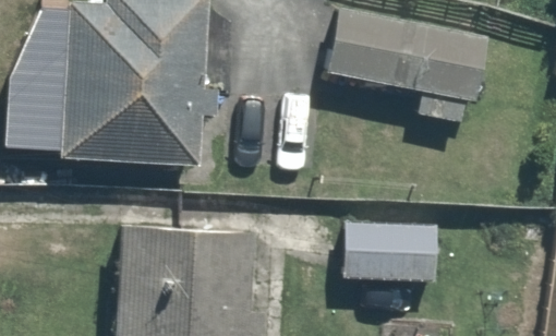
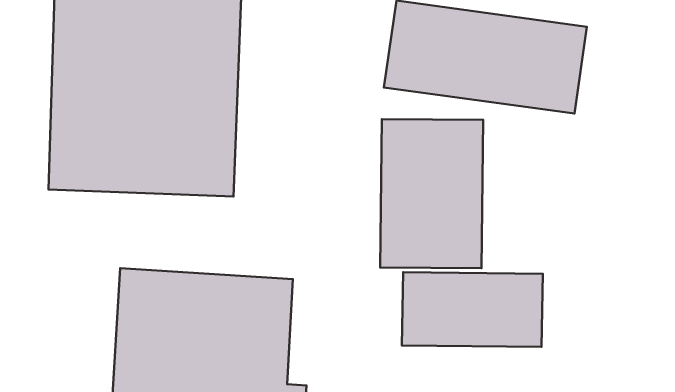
building: none -> [380,119,483,268]

